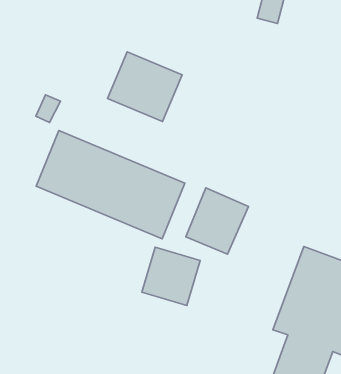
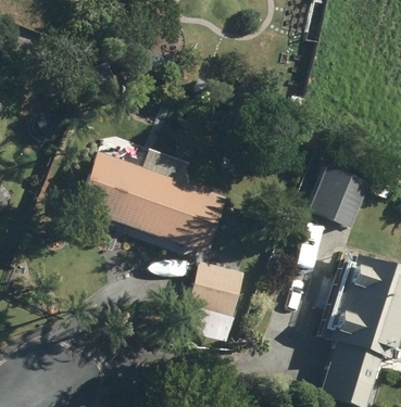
building: [108,52,182,122] -> none
building: [186,188,249,254] -> [309,163,369,228]

